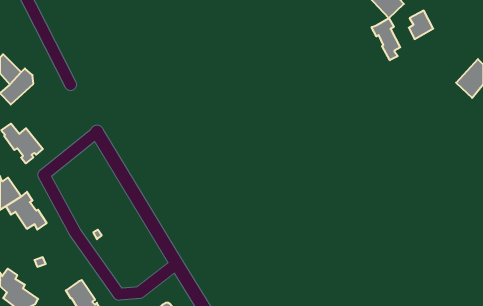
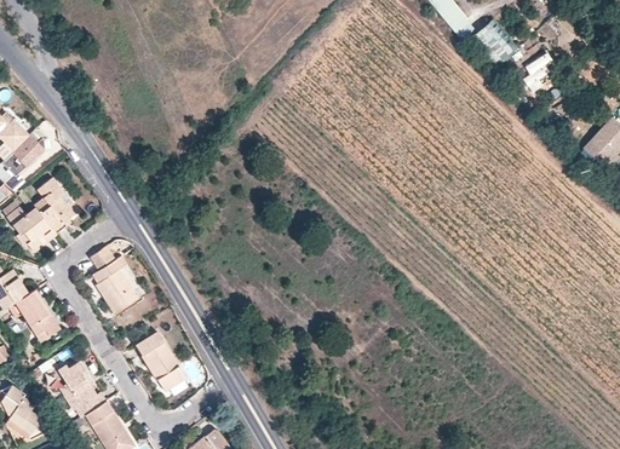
building: [372,18,400,60] -> none
building: none -> [33,177,79,234]
building: none -> [91,244,137,313]
building: none -> [136,332,185,390]
building: none -> [57,361,101,418]

